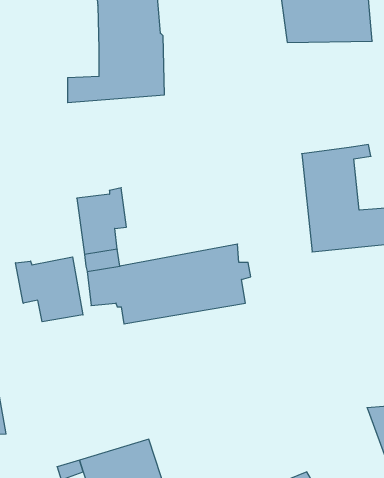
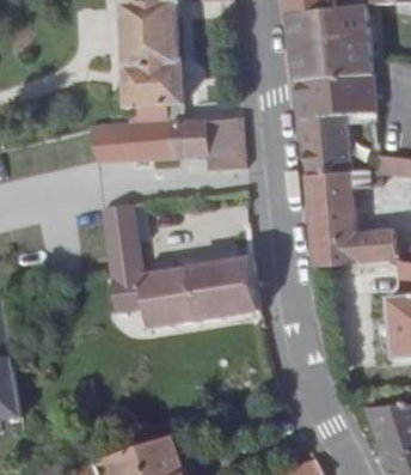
building: none -> [292,72,372,175]
building: none -> [91,118,241,172]
building: [16,257,83,322] -> none

